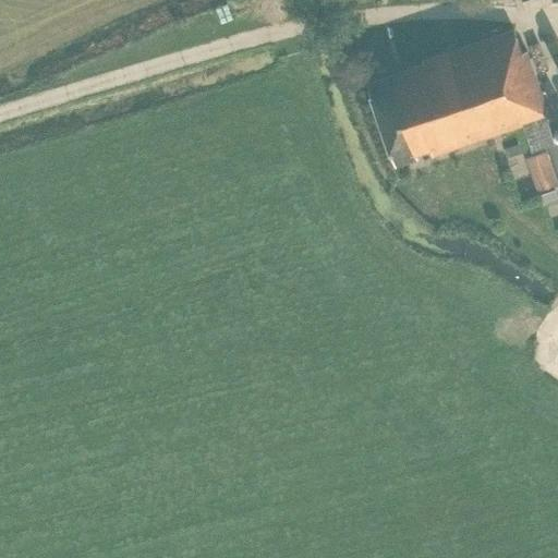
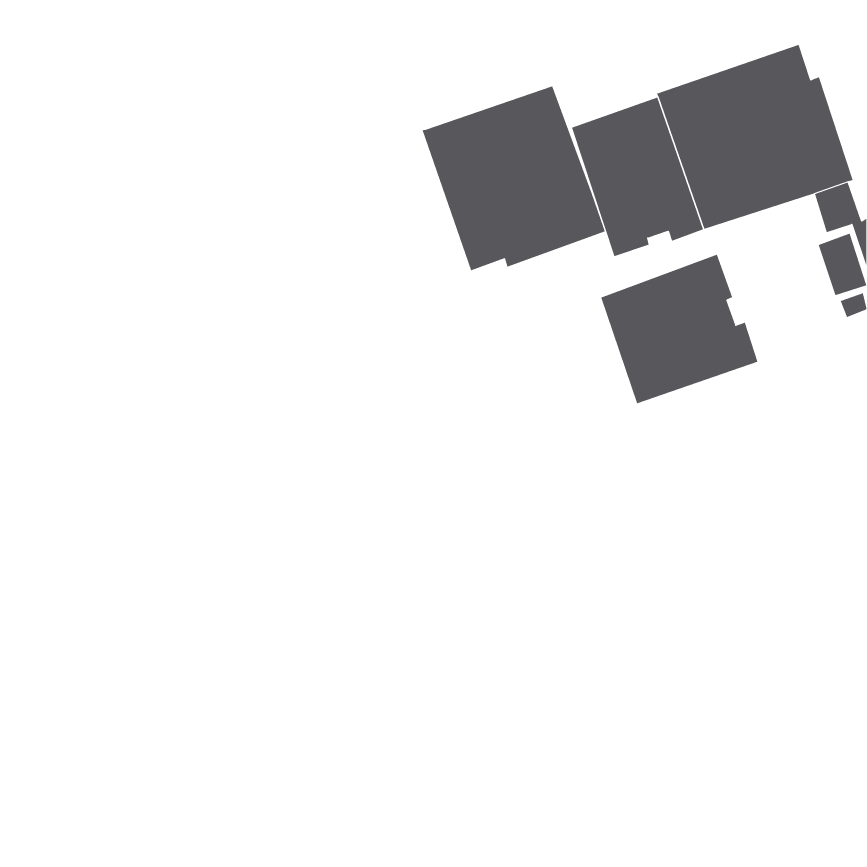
building: none -> [422,85,605,271]
building: none -> [600,254,758,404]

